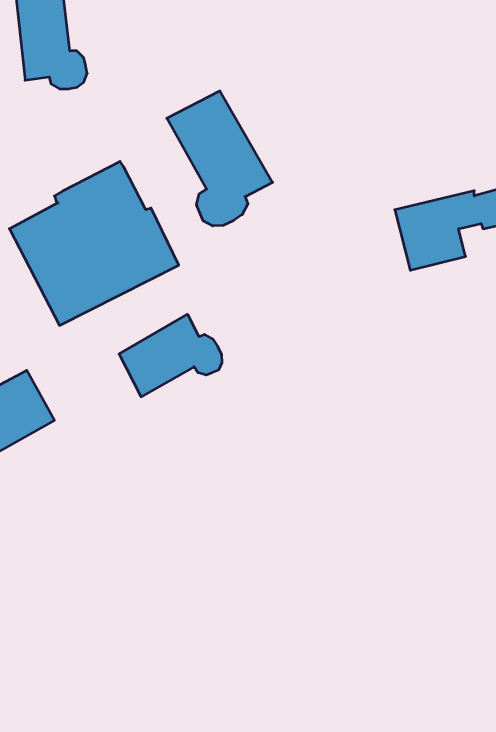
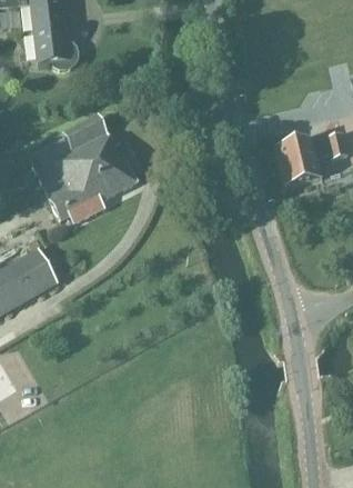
building: [167,91,273,226] -> none
building: [119,314,222,397] -> none

